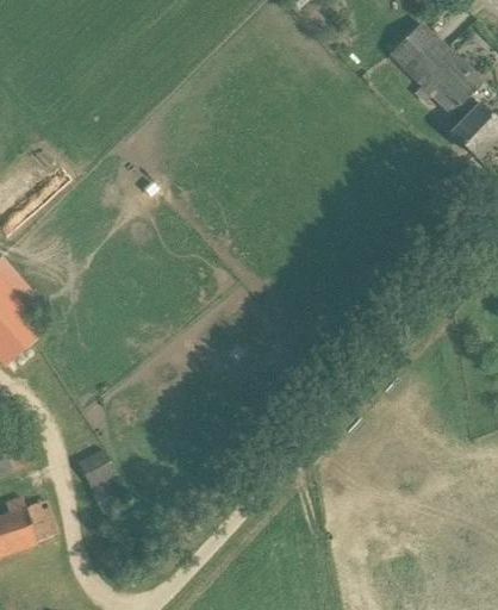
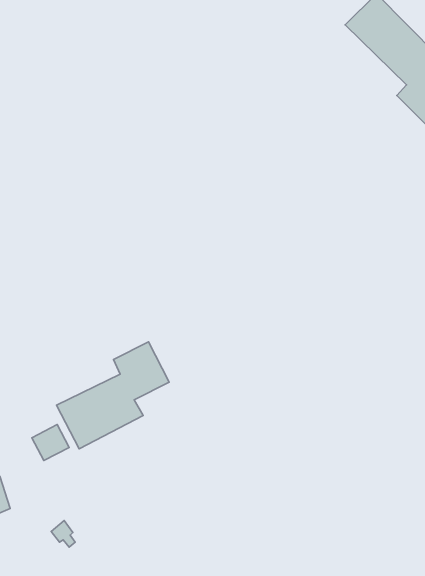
building: none -> [57,342,169,449]

